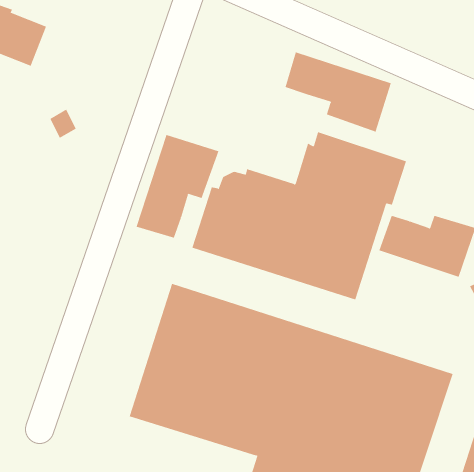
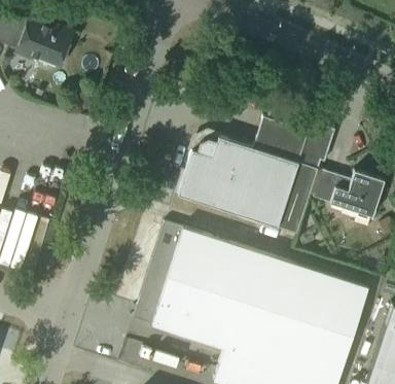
building: [285,51,391,133] -> none
building: [136,134,219,239] -> none

